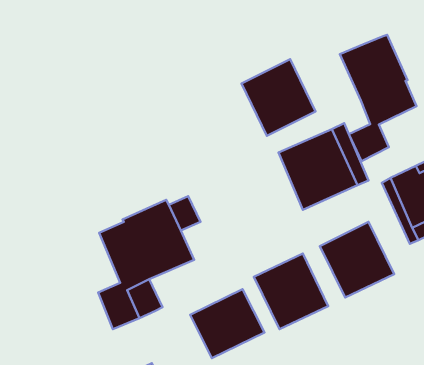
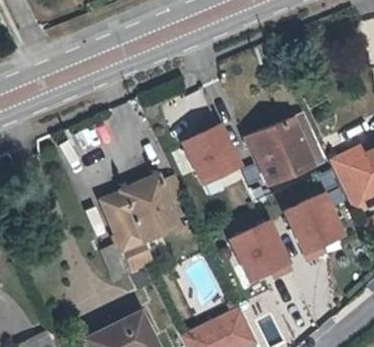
building: [340,35,417,161] -> none
building: [241,59,316,136] -> [179,123,240,186]
building: [190,289,264,358] -> none

